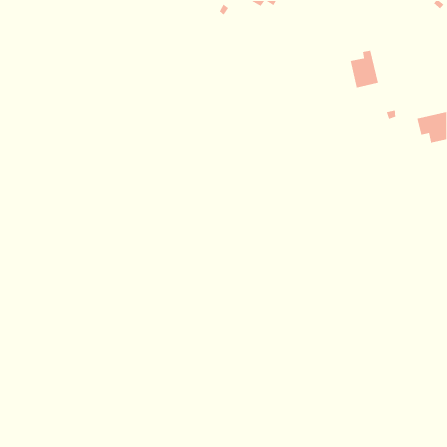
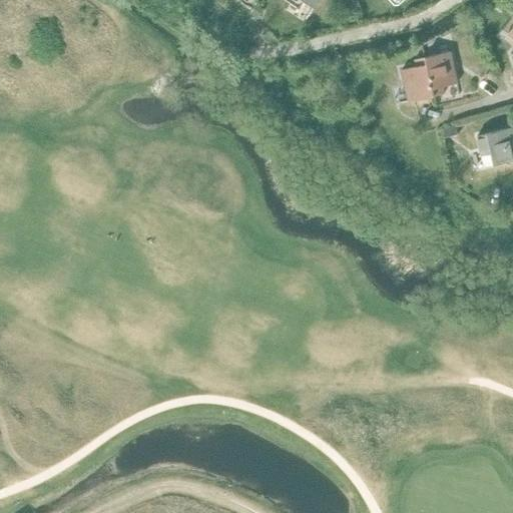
building: none -> [425,51,457,95]

